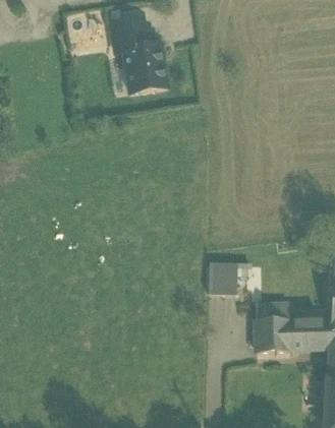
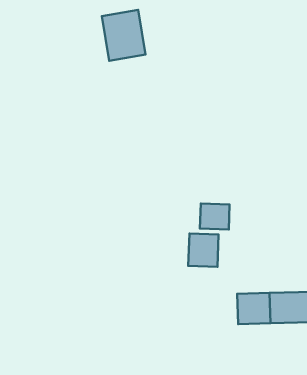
building: none -> [200,204,230,230]
building: [256,298,287,320] -> none

